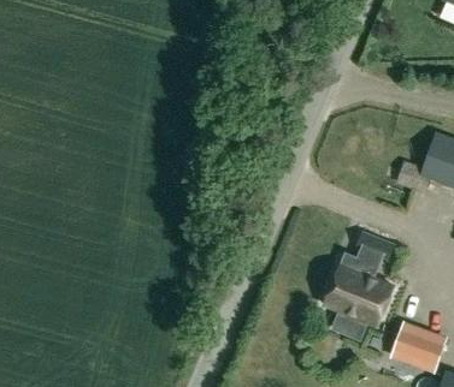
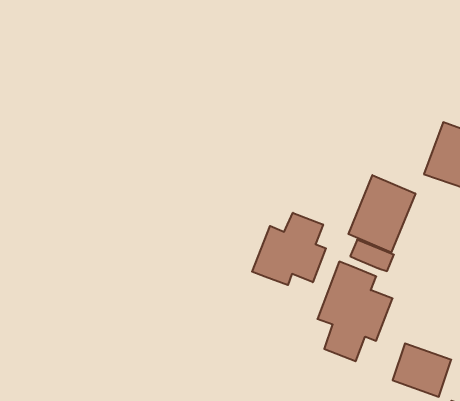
building: none -> [348,175,415,253]
building: none -> [252,213,326,285]

